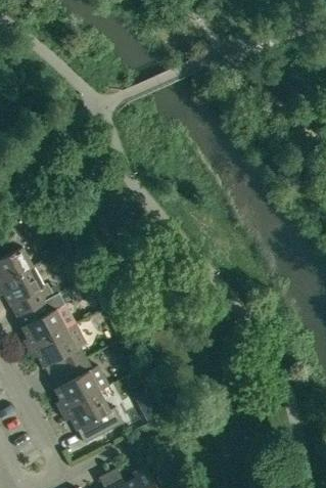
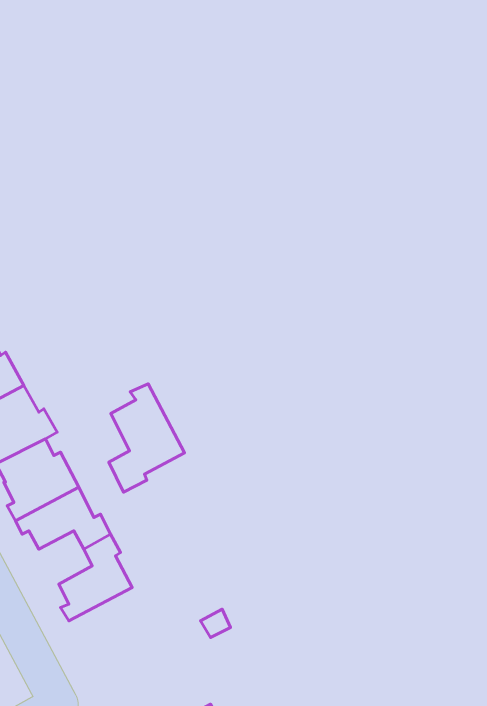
building: none -> [109,384,185,492]
building: [61,392,124,444] -> none

